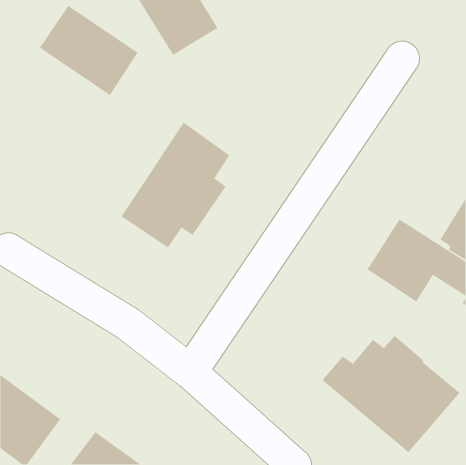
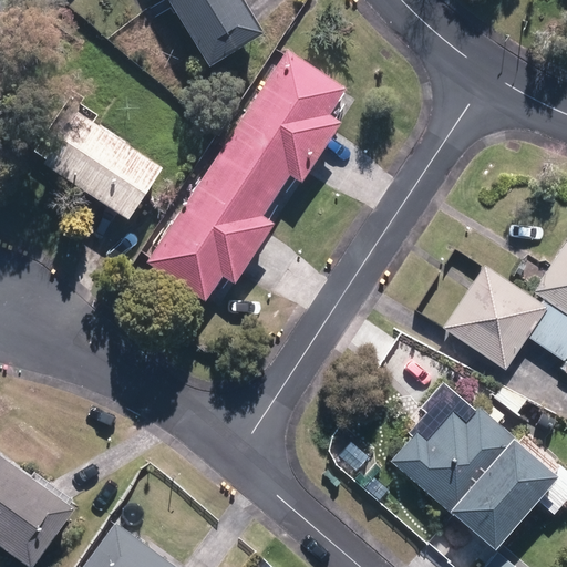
building: [39,5,138,96] -> [42,111,163,221]
building: none -> [223,50,347,188]

